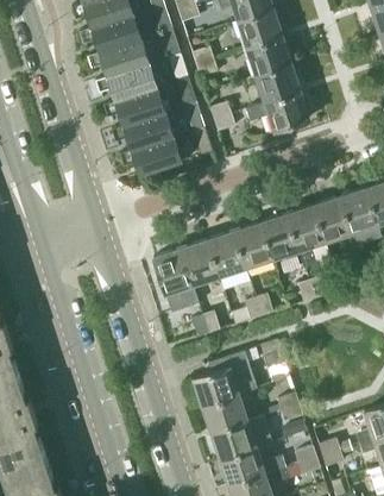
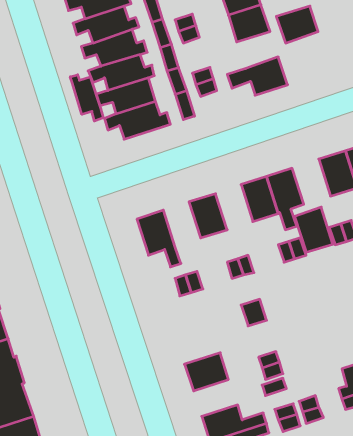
building: [256,65,298,103] -> [276,6,318,43]
building: none -> [70,75,103,121]
building: [313,196,352,243] -> [295,207,333,252]
building: [234,222,272,269] -> none
building: [181,240,219,287] -> none
building: [194,351,257,407] -> none
building: [212,416,272,460] -> none

